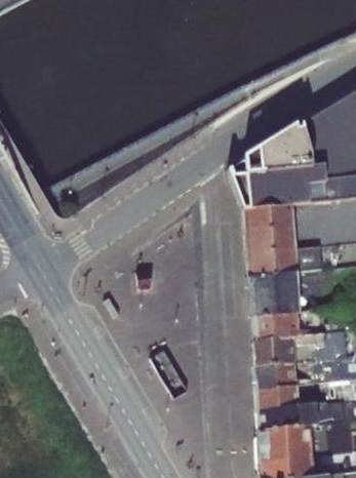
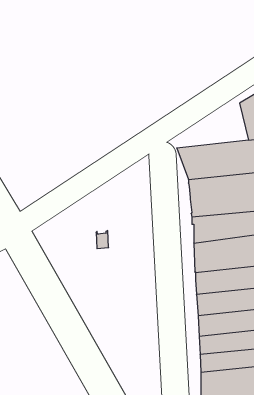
building: [232,122,316,173] -> none

